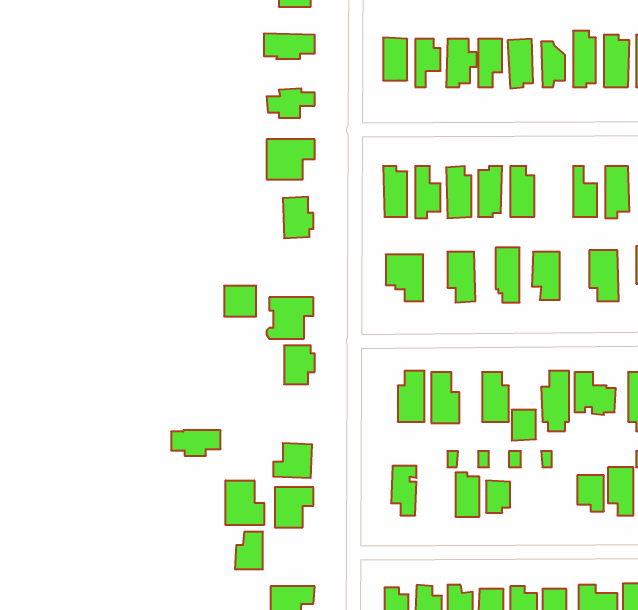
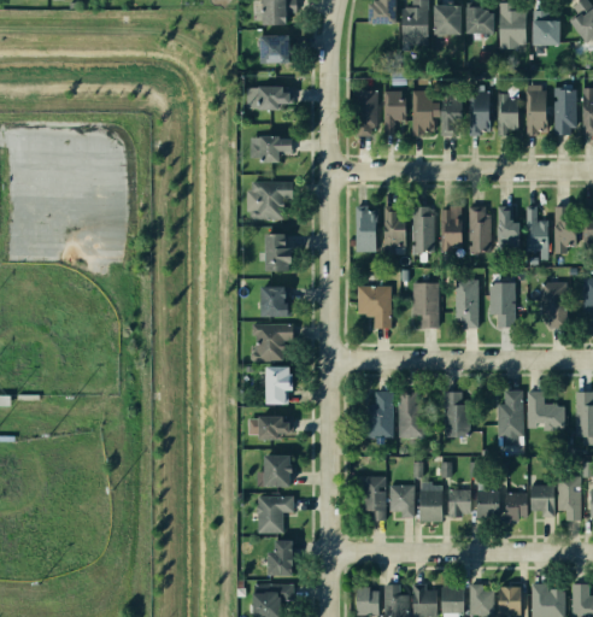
building: none -> [499,207,521,247]
building: [224,286,256,316] -> [262,287,290,315]
building: [512,410,536,441] -> [477,490,499,518]
building: [171,430,221,456] -> [248,417,293,440]
building: none -> [389,486,415,517]
building: [225,480,264,525] -> none
building: none -> [504,493,527,521]
building: [235,532,263,569] -> [269,541,294,575]

